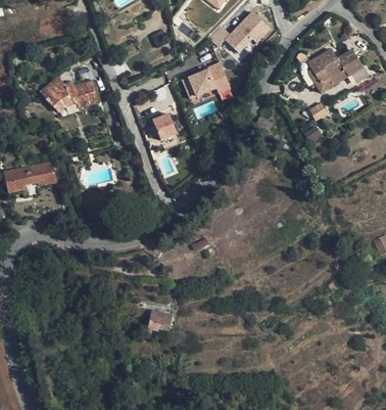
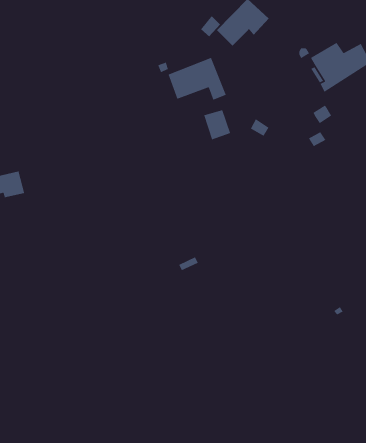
building: [42,78,99,111] -> none
building: [152,111,177,139] -> [203,109,231,140]
building: [147,311,174,330] -> none

